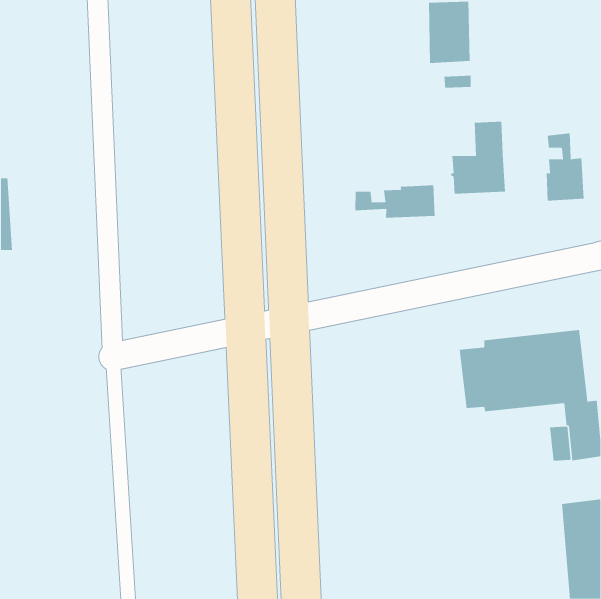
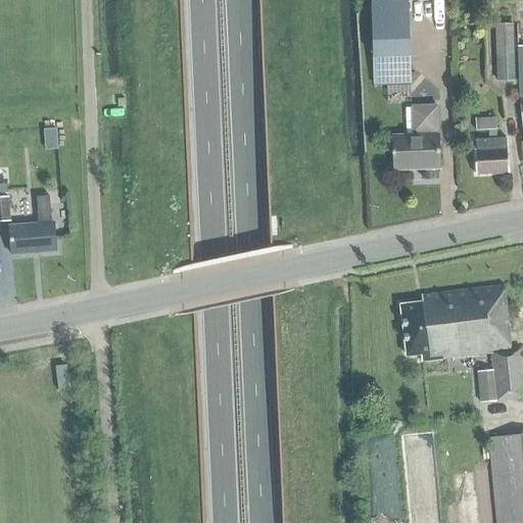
building: none -> [494,22,515,81]
building: [355,184,435,219] -> none
building: none -> [8,192,56,253]

